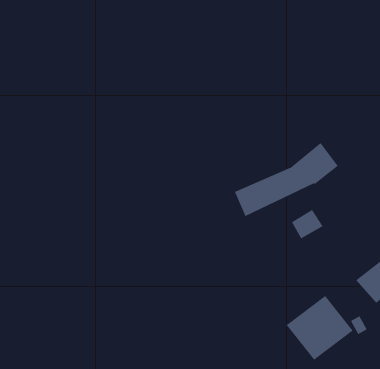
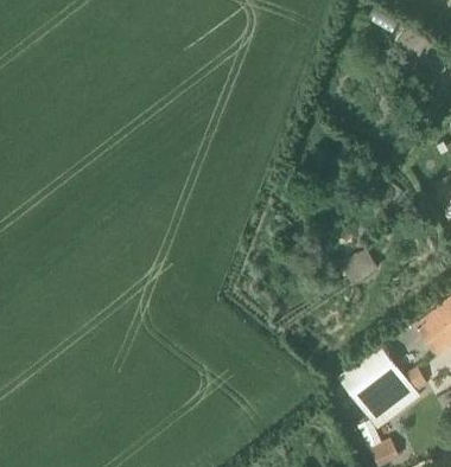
building: [234,142,338,217] -> none

